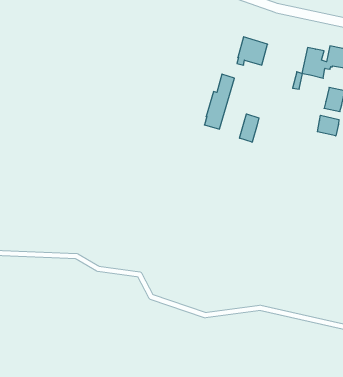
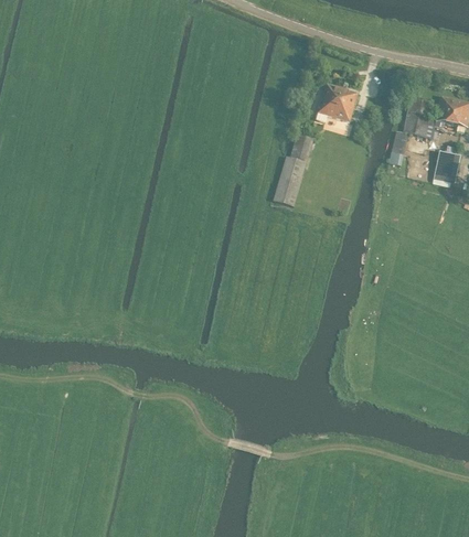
building: [240,114,259,142] -> none
building: [317,115,339,136] -> none

